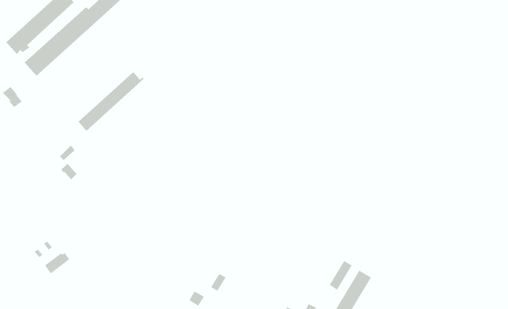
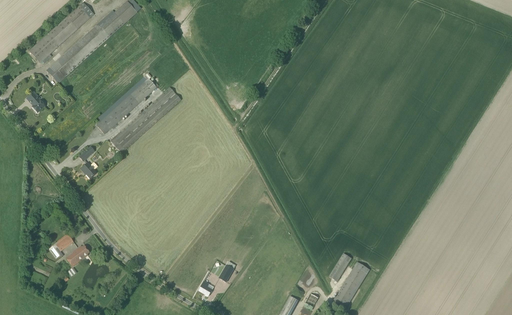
building: none -> [110,86,181,152]

